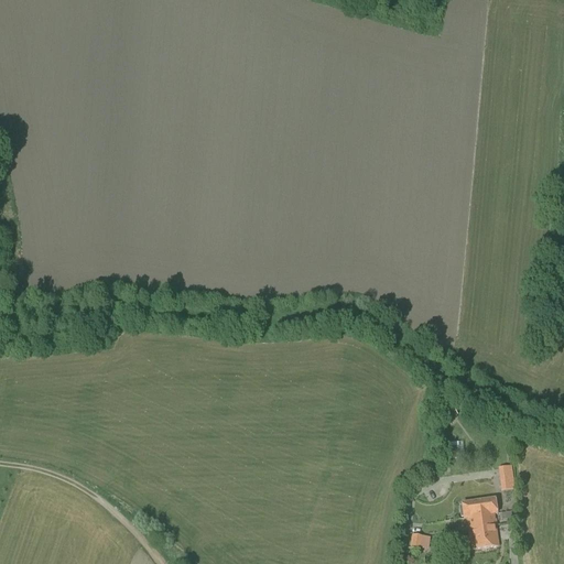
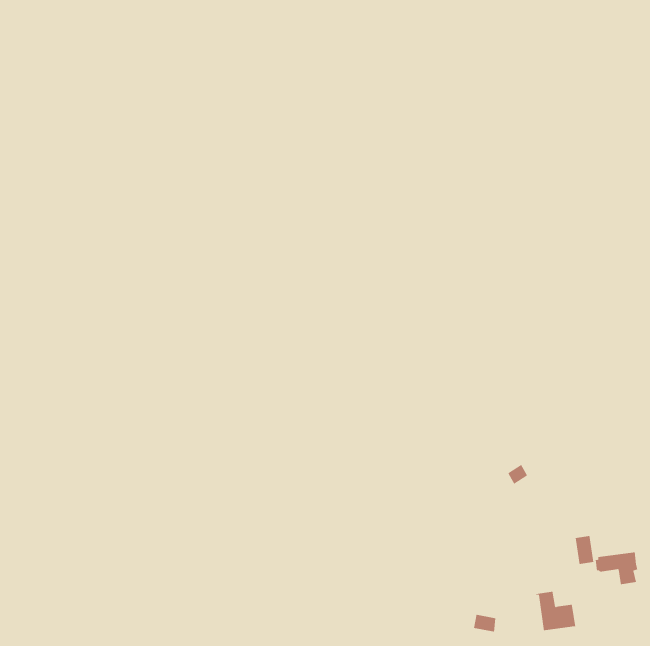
building: [459,497,497,525] -> [595,552,638,585]

